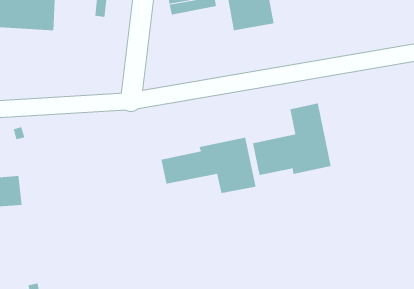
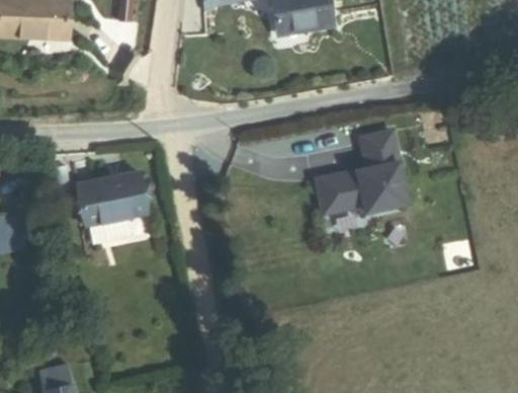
building: none -> [71,163,145,237]
building: [161,137,256,194] -> none

